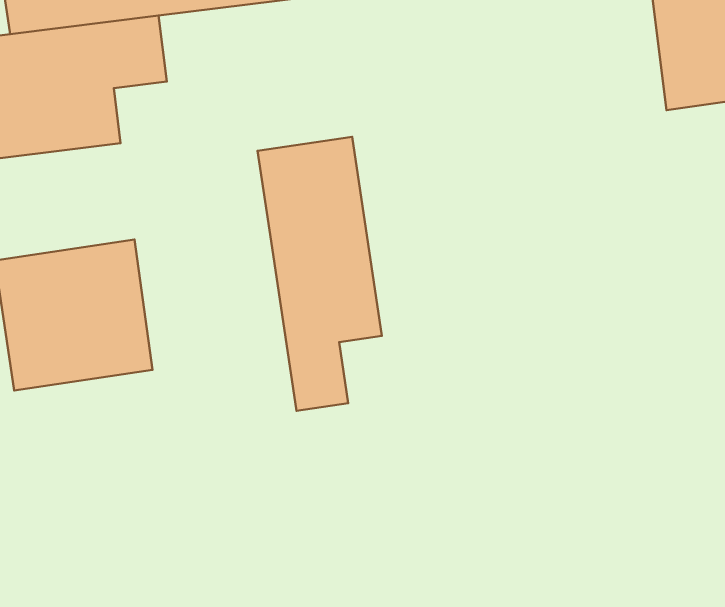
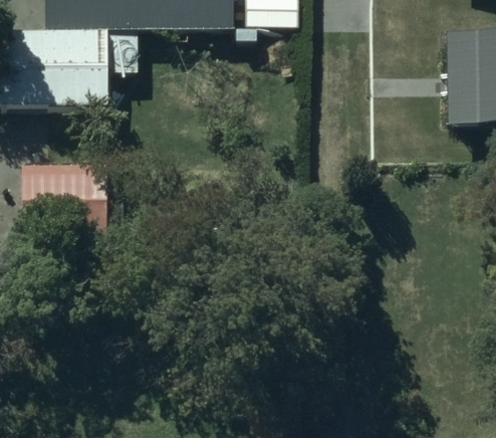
building: [258,137,382,411] -> none

